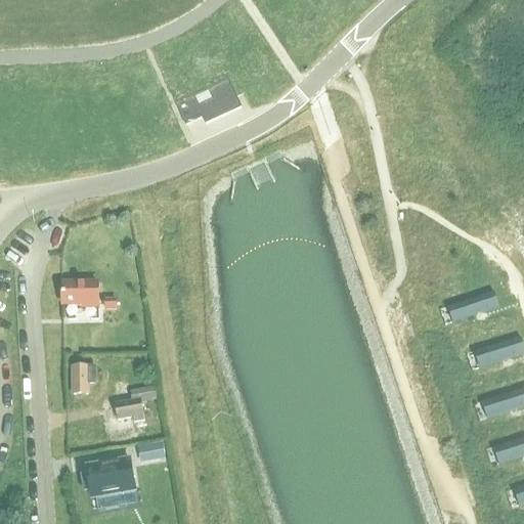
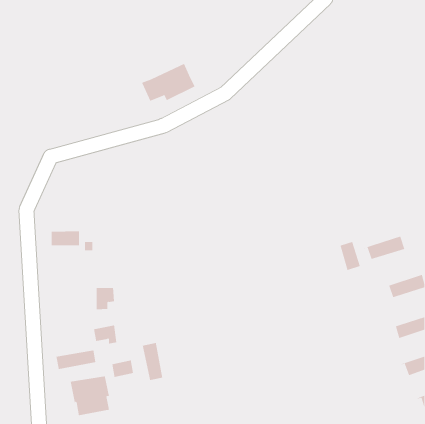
building: none -> [340,241,361,271]
building: [73,366,96,394] -> [96,287,115,310]
building: none -> [142,342,163,381]
building: none -> [56,349,100,370]

